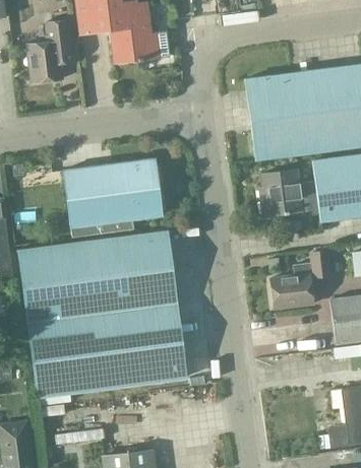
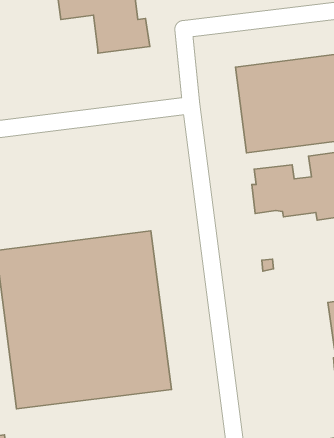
building: [27,20,74,83] -> none
building: [62,158,161,238] -> none
building: [270,250,330,307] -> none

